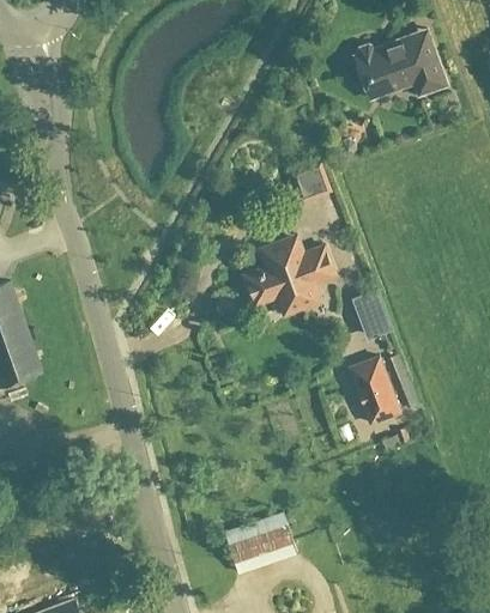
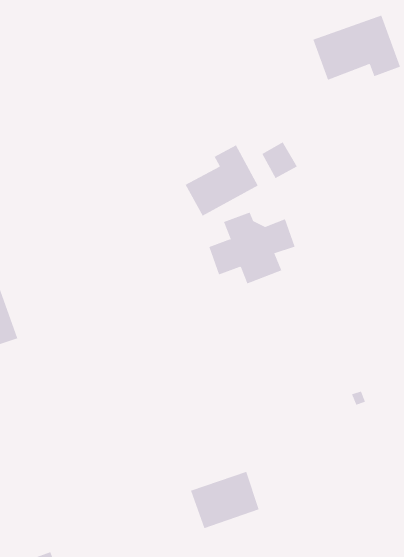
building: none -> [185,144,258,217]
building: [350,287,393,339] -> none
building: [347,357,399,424] -> none

